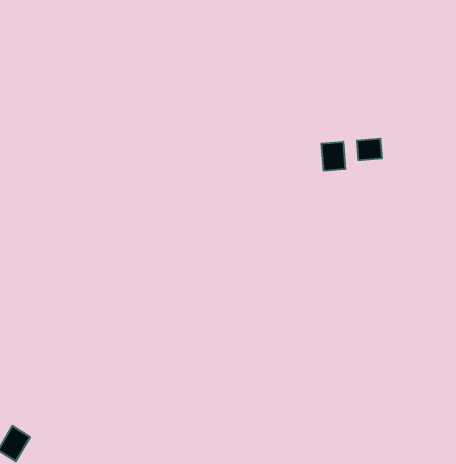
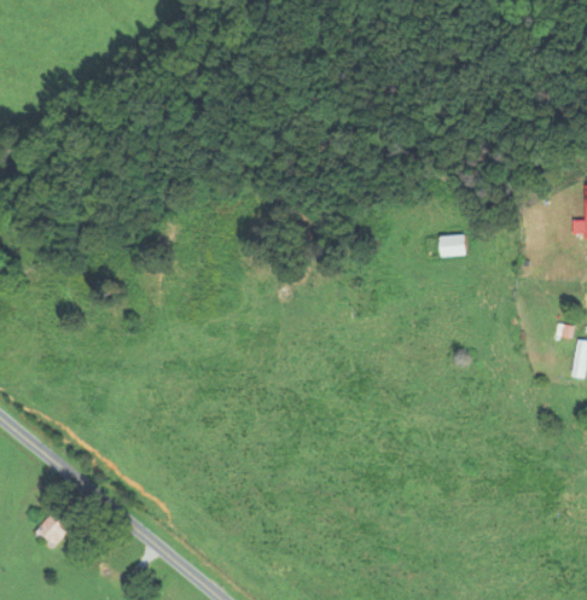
building: [322,142,345,171] -> none

